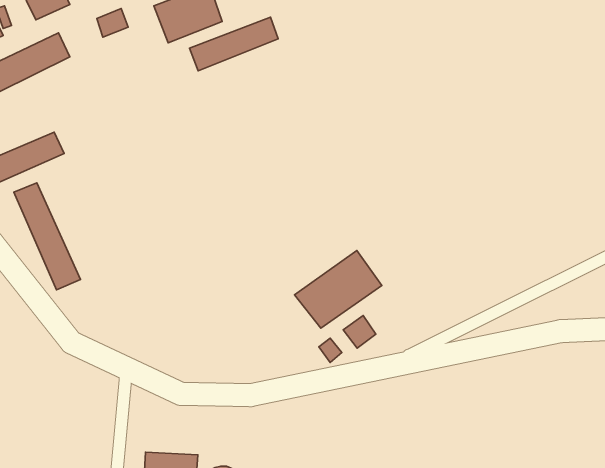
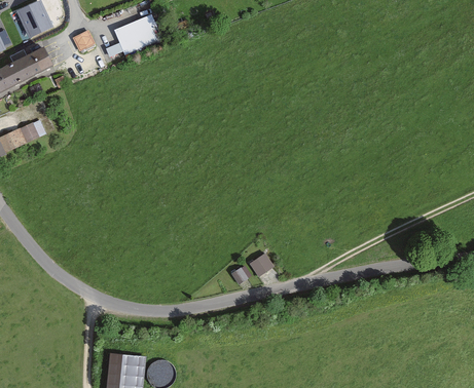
building: [189,17,278,71] -> none
building: [14,183,81,290] -> none
building: [295,250,382,328] -> none

